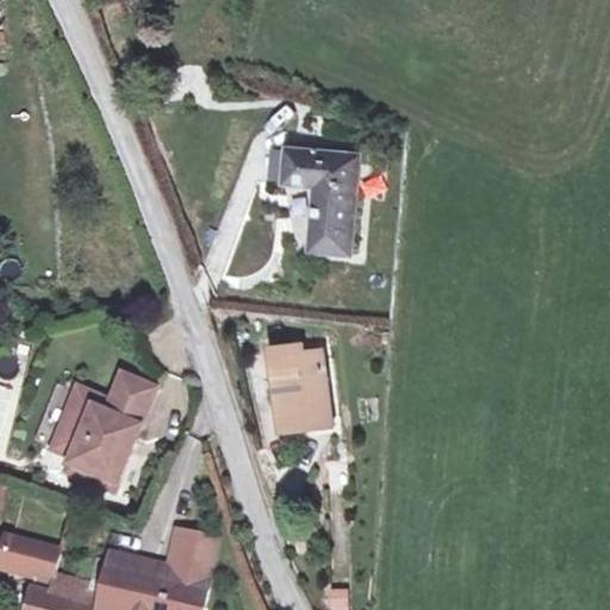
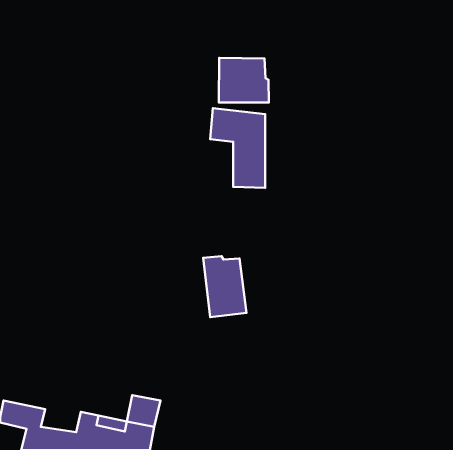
building: none -> [219,58,269,103]
building: [46,373,149,492] -> none

